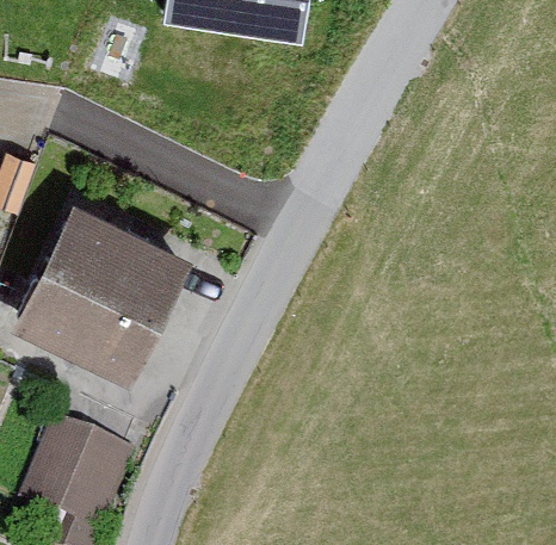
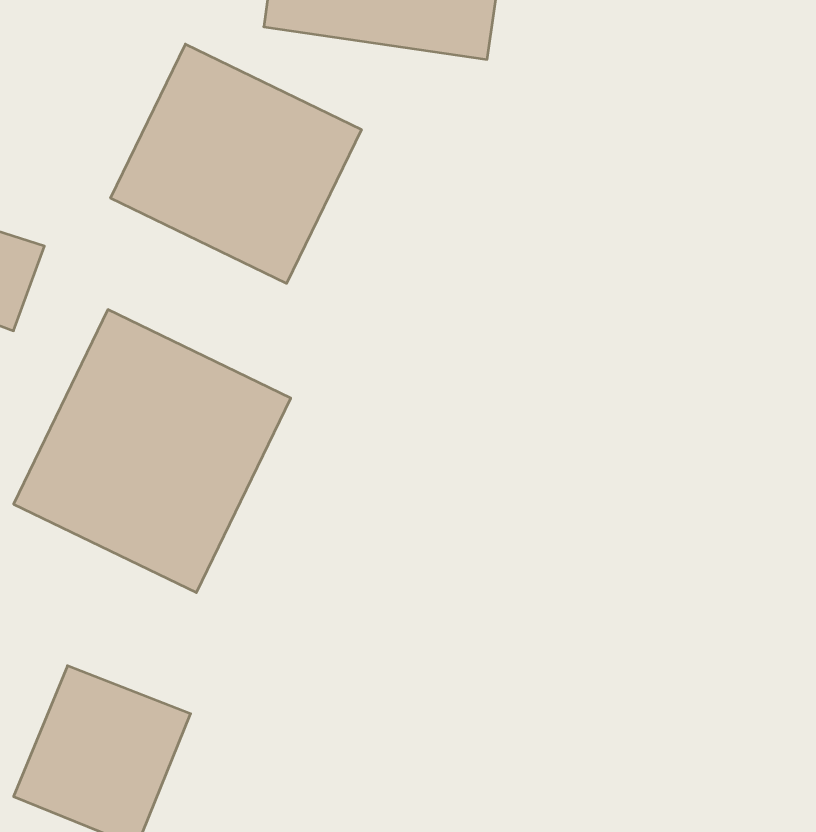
building: none -> [111,44,361,283]

